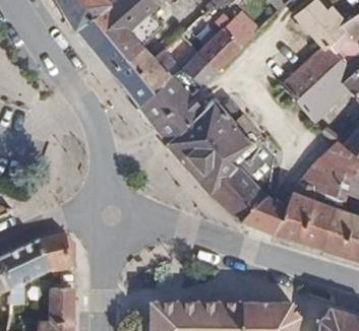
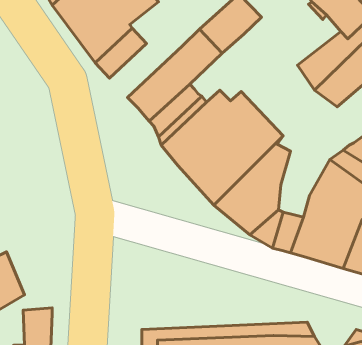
building: [122,49,184,109] -> none
building: [35,230,76,276] -> none

